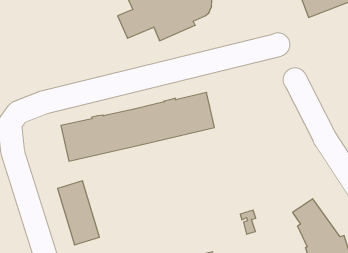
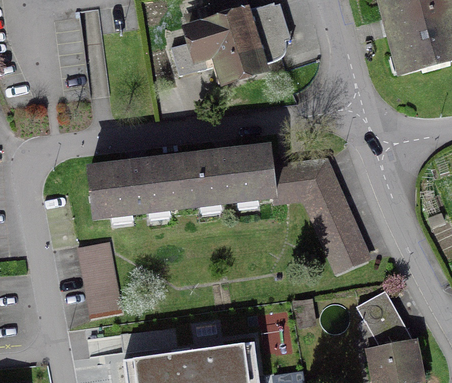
building: none -> [271,160,368,270]

